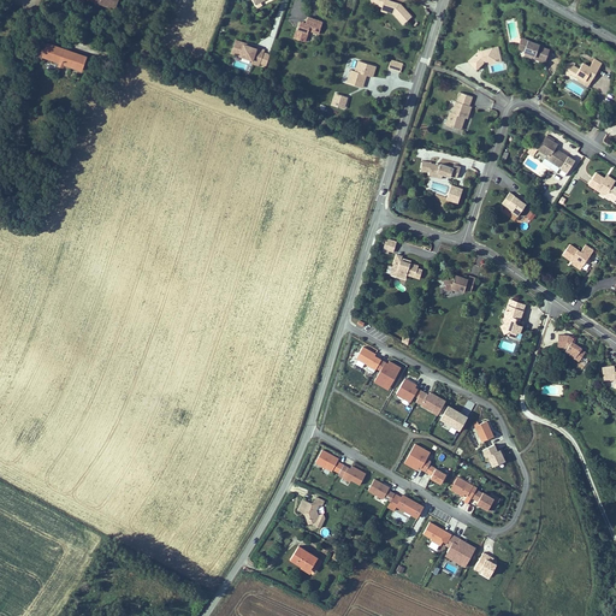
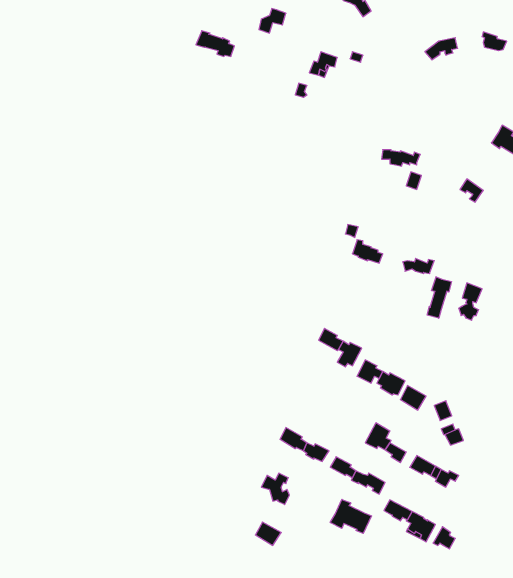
building: [46,45,91,73] -> none
building: [445,93,473,129] -> none
building: none -> [427,277,451,318]
building: none -> [330,499,372,533]

